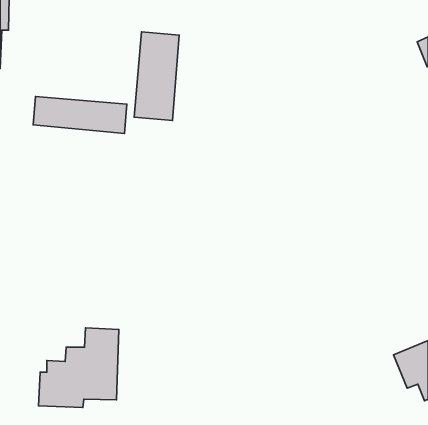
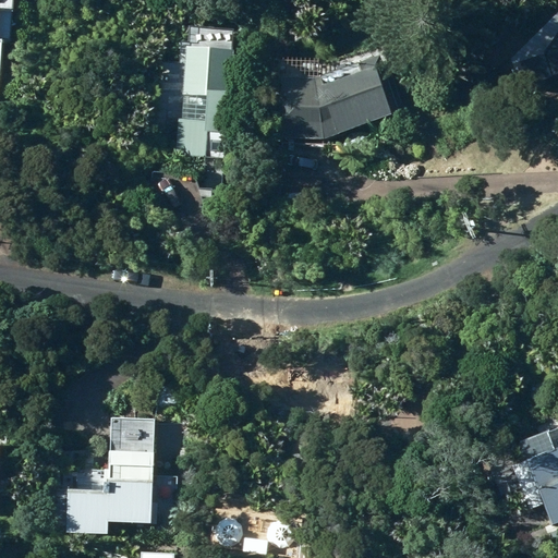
building: none -> [281,54,397,135]
building: [33,96,127,133] -> none

